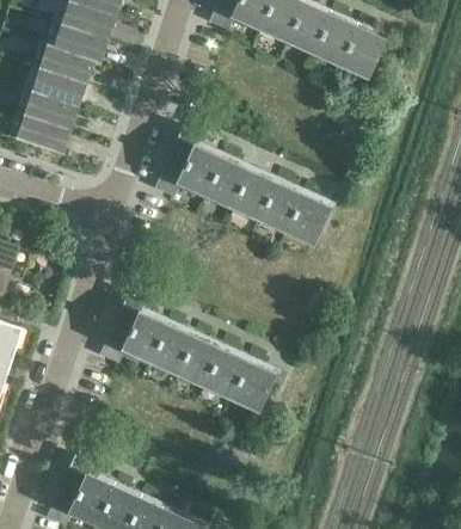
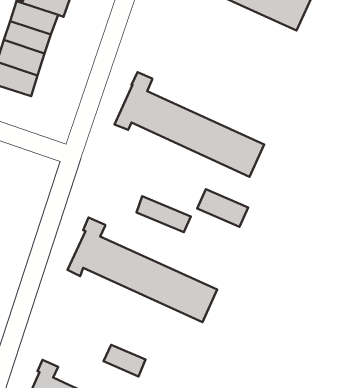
building: none -> [197,189,248,227]
building: none -> [136,196,191,232]
building: none -> [104,345,145,377]

